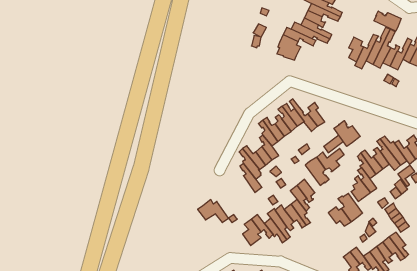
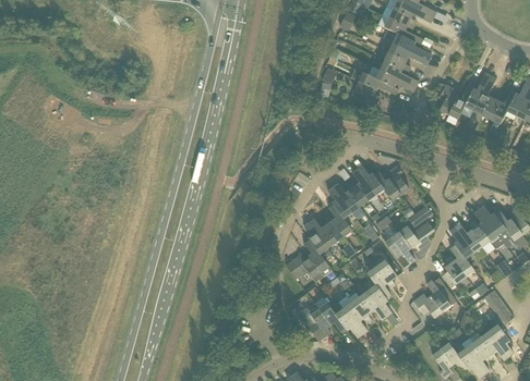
building: [374,11,401,31] -> none
building: [334,121,360,146] -> none
building: [198,200,228,223] -> [284,251,322,280]

